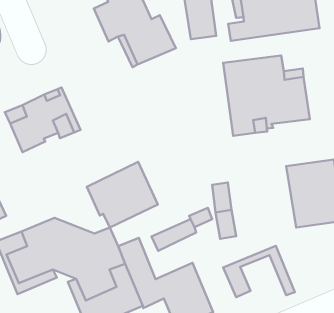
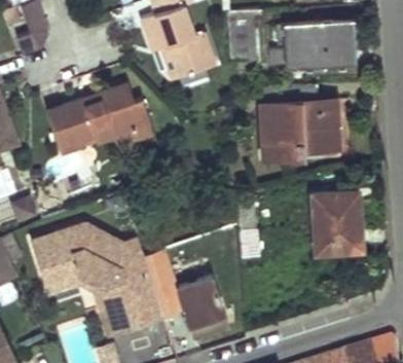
building: none -> [103,88,150,140]
building: [87,162,158,228] -> none
building: [223,246,295,297] -> none

